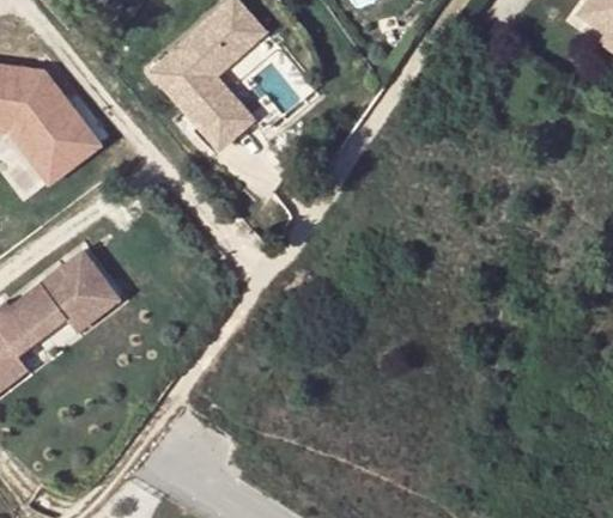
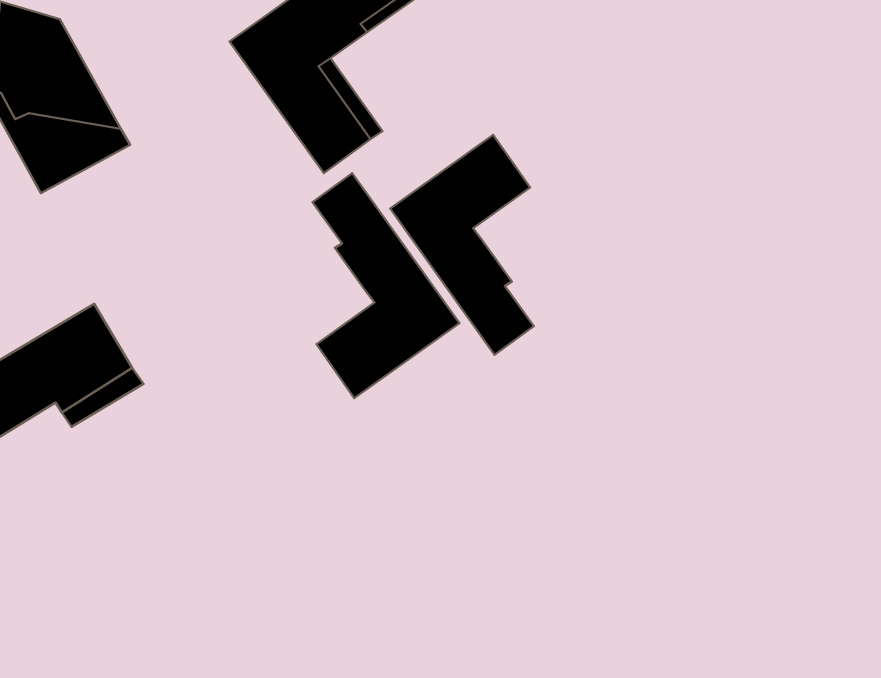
building: none -> [390,135,534,355]
building: none -> [312,173,459,398]

